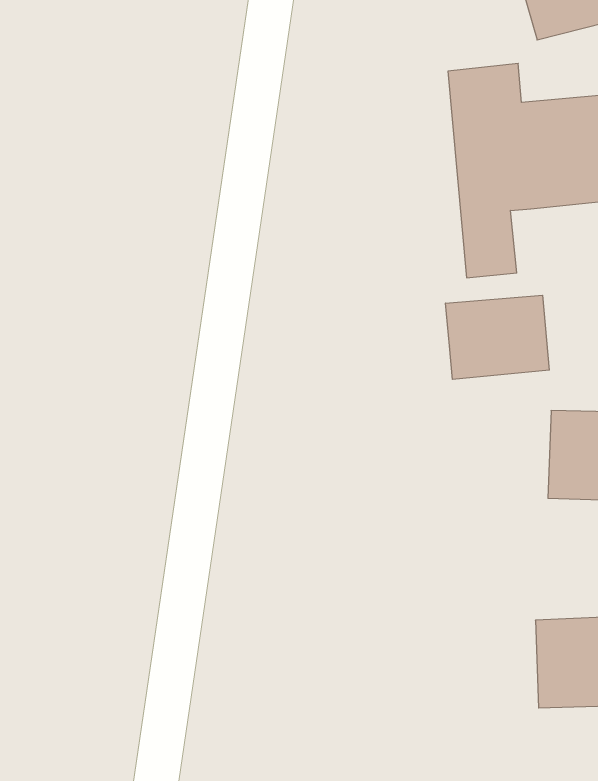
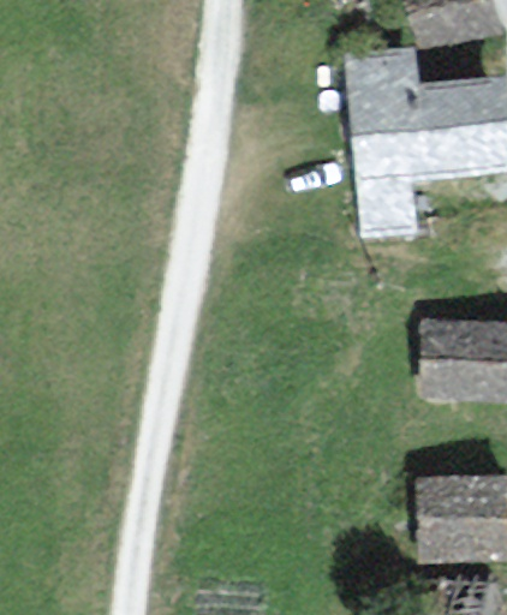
building: [446,295,549,379] -> none

